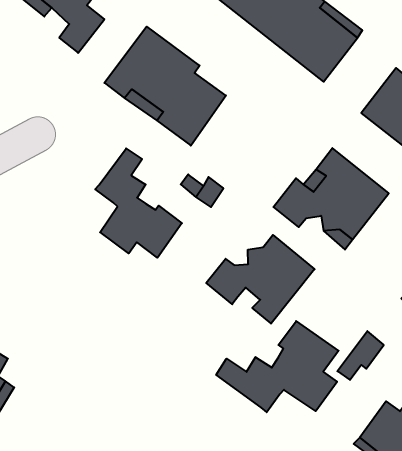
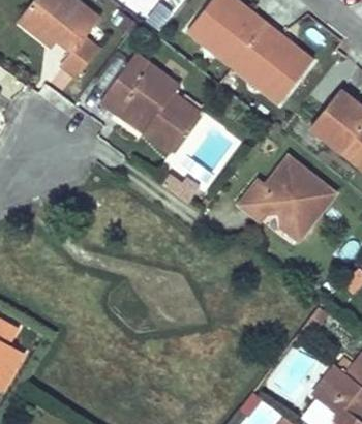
building: [95,148,182,258] -> none
building: [206,235,315,324] -> none
building: [216,321,339,412] -> none

